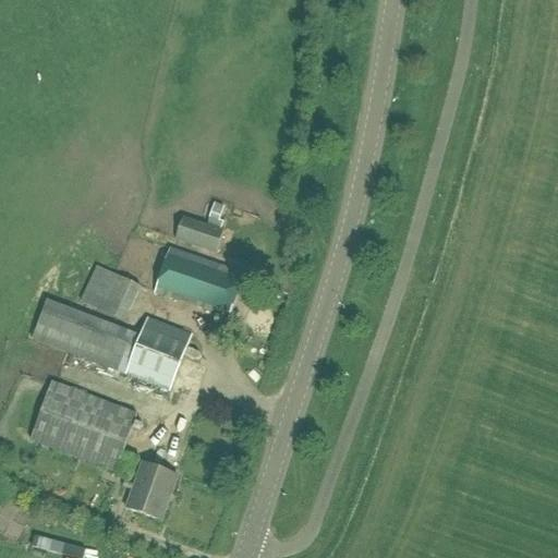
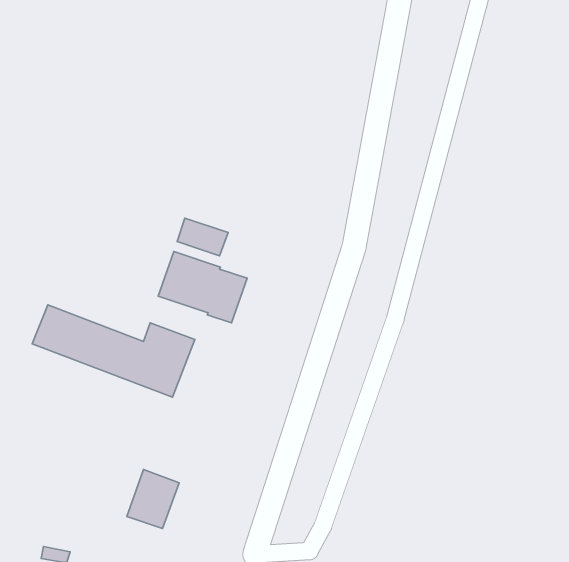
building: [81,264,141,319] -> none
building: [31,379,137,471] -> none

